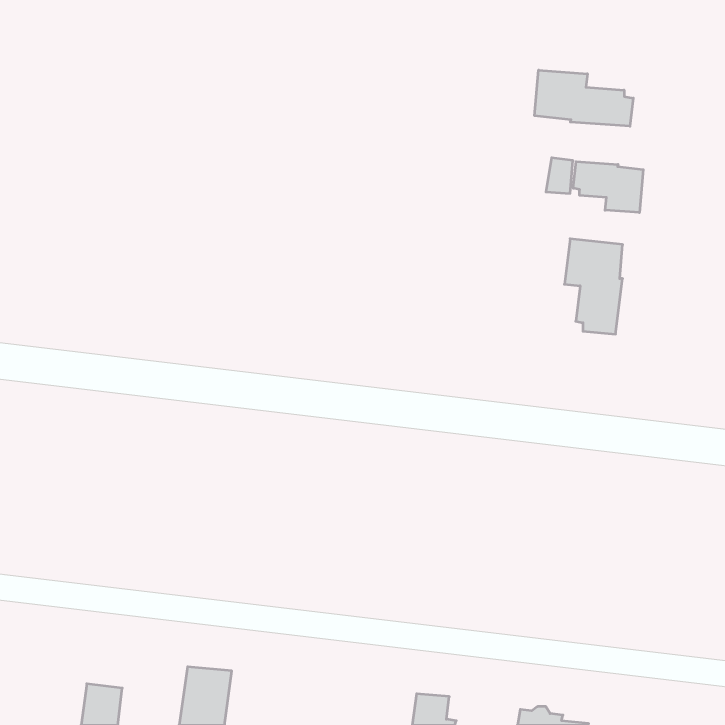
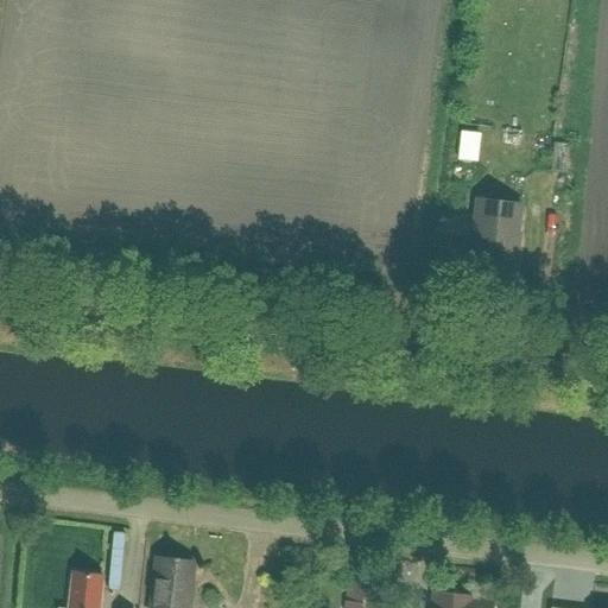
building: [535,70,633,126] -> none
building: [573,162,643,213] -> none

